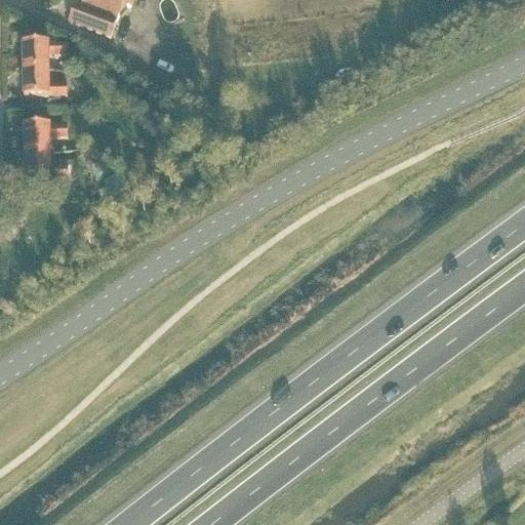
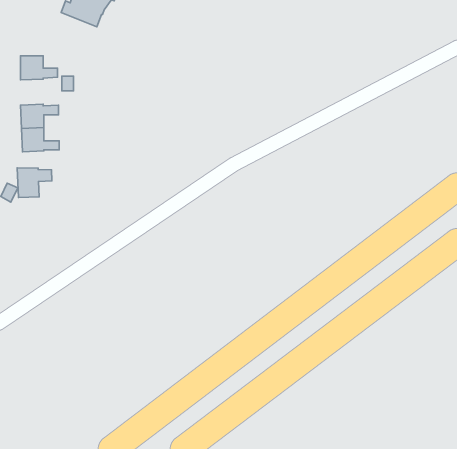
building: [23,37,66,64] -> none
building: none -> [17,168,52,198]

